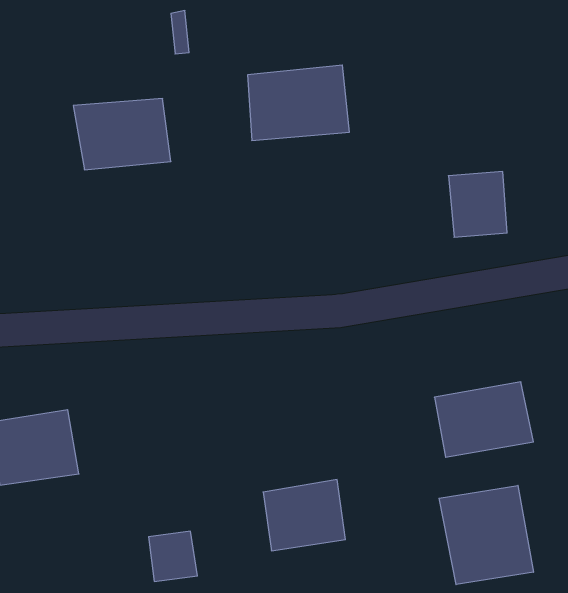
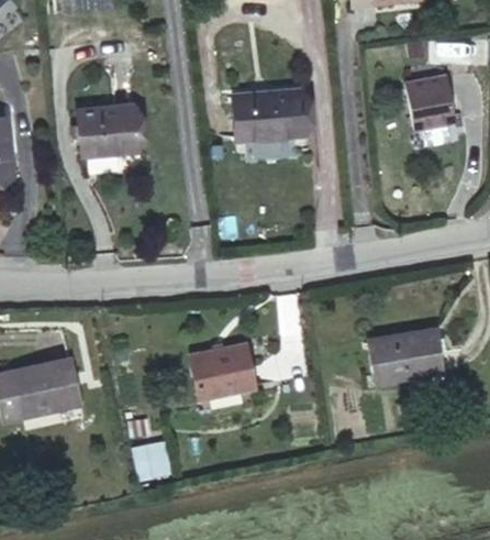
building: [448,172,507,237] -> [402,84,448,135]
building: [263,480,345,551] -> [188,342,253,398]
building: [439,485,533,585] -> none

